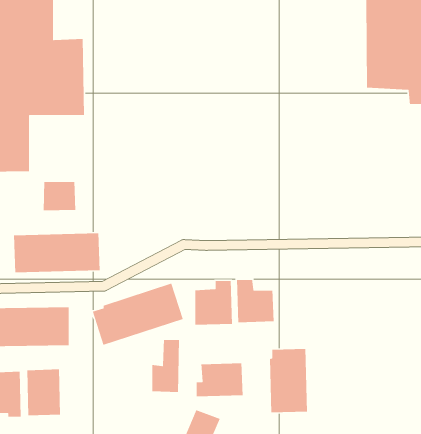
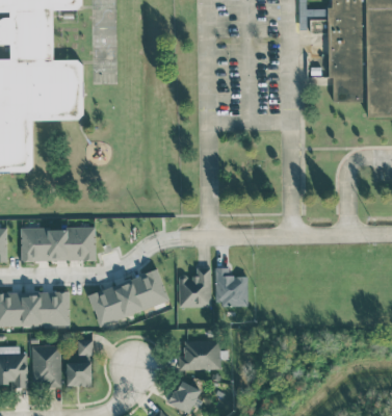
building: [43,181,76,211] -> none
building: [151,339,180,393] -> [67,340,92,387]
building: [269,348,308,413] -> none

